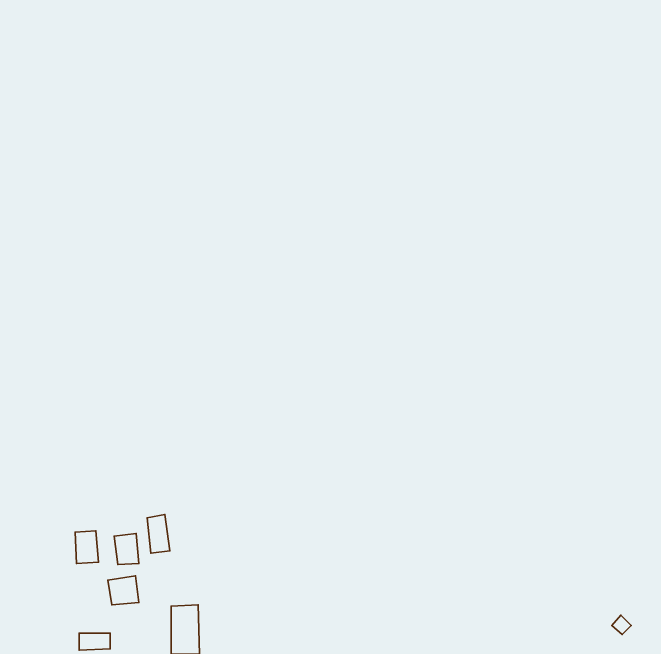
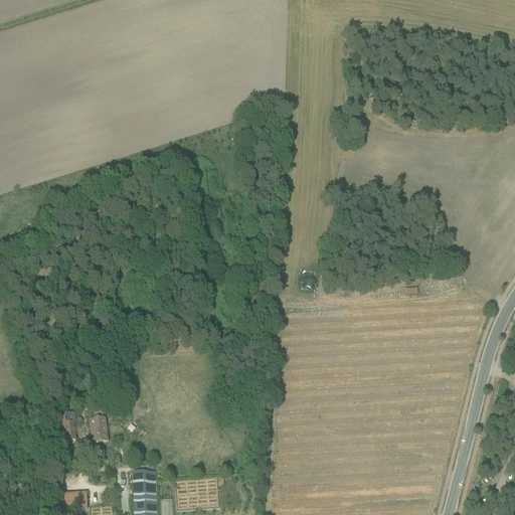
building: [147,514,170,553] -> none
building: [108,576,139,605] -> none

